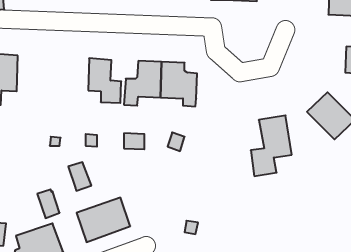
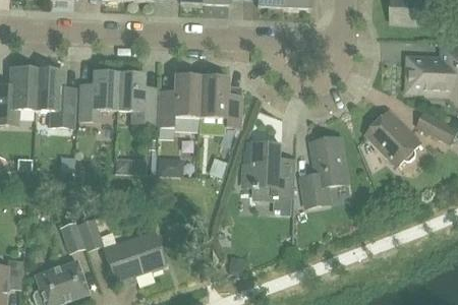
building: none -> [35,68,73,126]
building: none -> [77,70,117,121]
building: none -> [242,141,294,199]
building: [68,162,91,191] -> [75,218,102,250]

